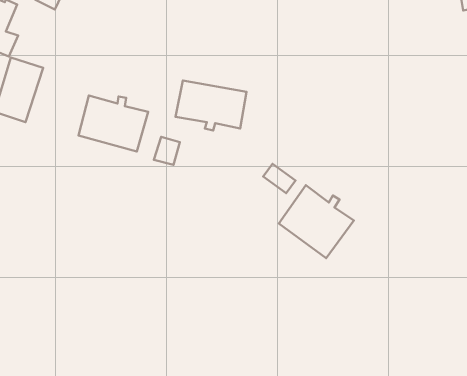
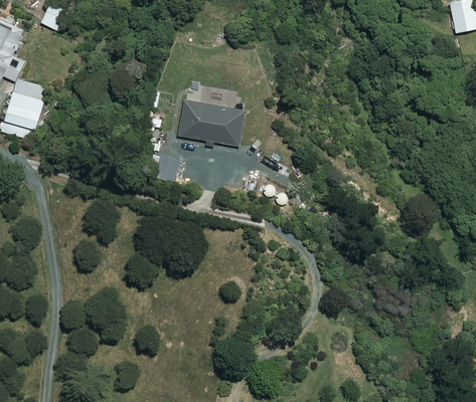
building: [79,95,148,151] -> none
building: [279,185,354,258] -> none

